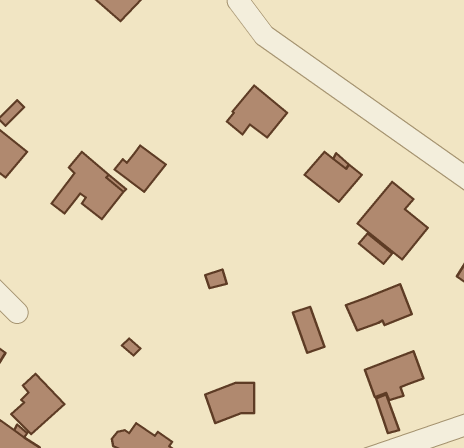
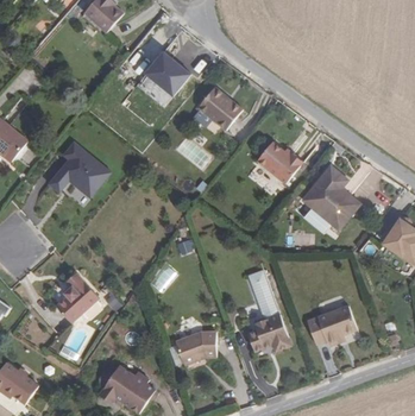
building: none -> [144,51,189,95]
building: [115,146,166,192] -> none
building: [346,284,412,330] -> none
building: none -> [247,313,290,349]
building: [11,374,64,434] -> [54,271,98,321]

